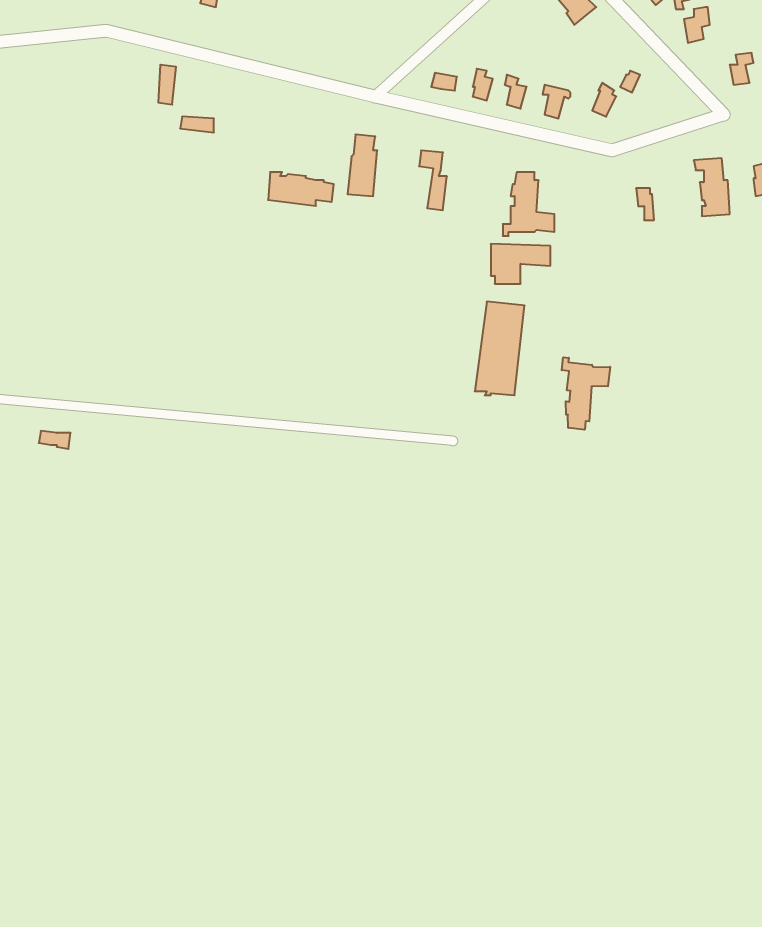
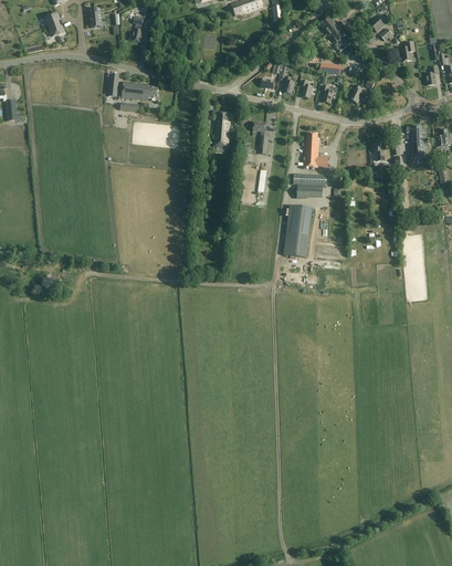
building: [268,172,334,206] -> [122,82,158,101]
building: [562,357,610,430] -> none

